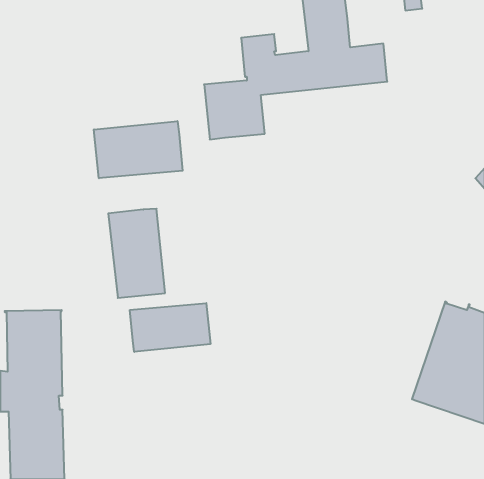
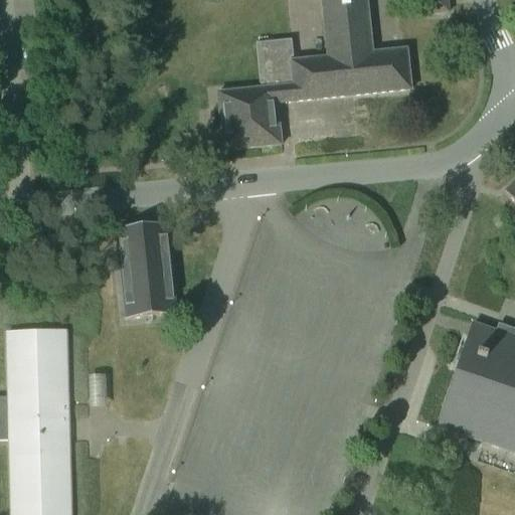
building: [94,121,183,178] -> none
building: [130,303,210,352] -> none

